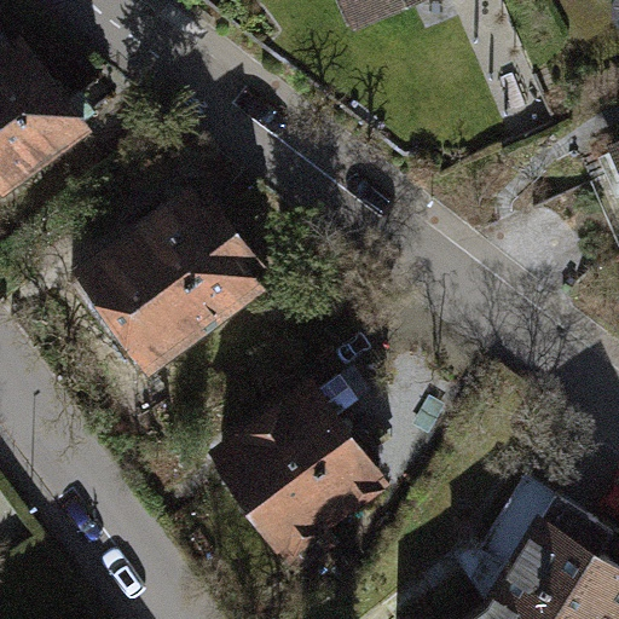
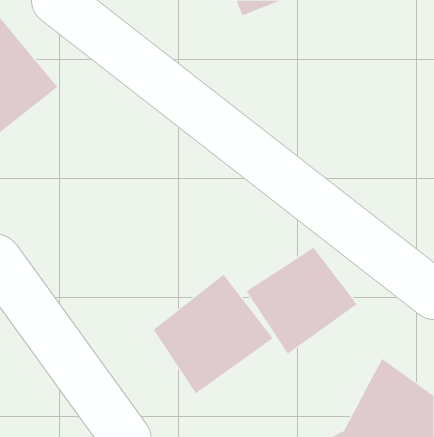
building: [82,191,270,370] -> none
building: none -> [246,247,358,354]

